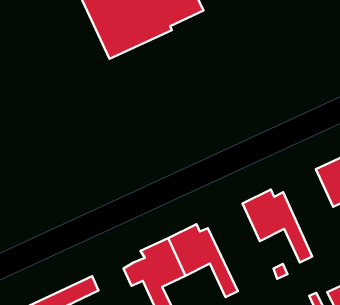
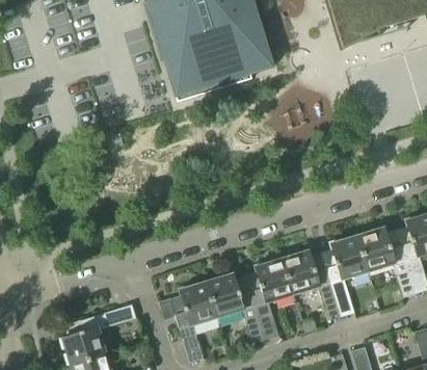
building: none -> [323,233,369,316]
building: none -> [246,256,294,339]

